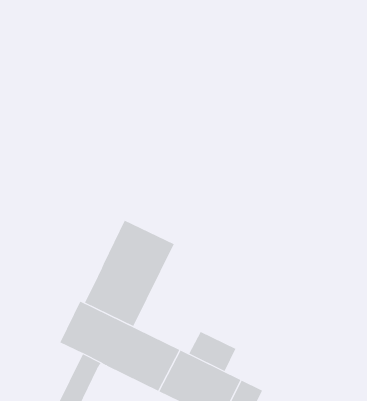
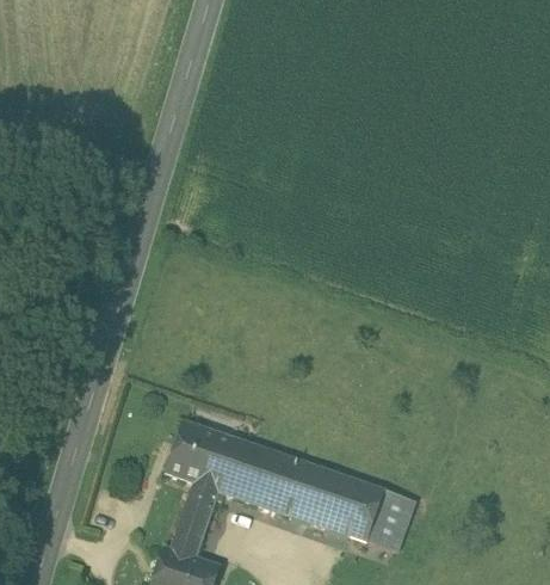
building: [84,220,174,327] -> none
building: [189,331,236,372] -> none

